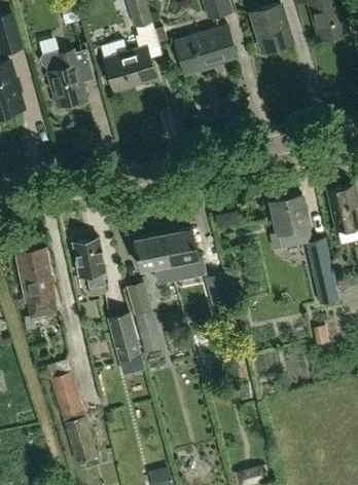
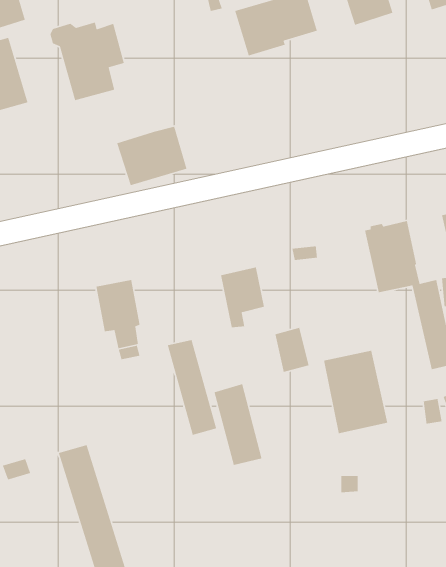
building: [104,47,156,91] -> [116,126,187,186]
building: [136,235,173,275] -> none
building: [19,250,55,316] -> none
building: none -> [323,350,388,434]
building: [107,311,143,372] -> [213,383,262,466]

